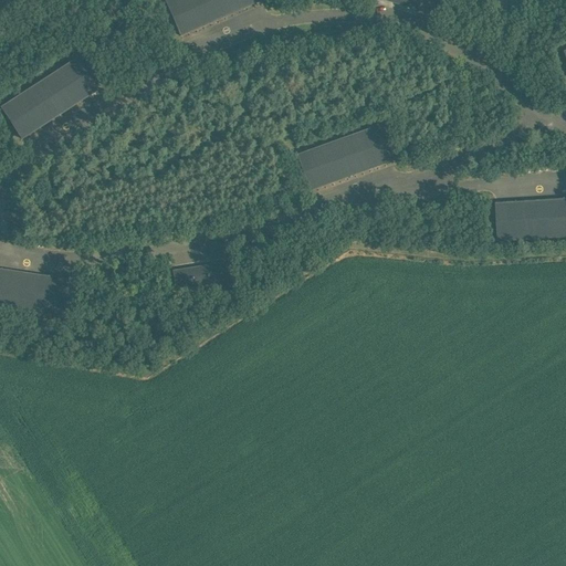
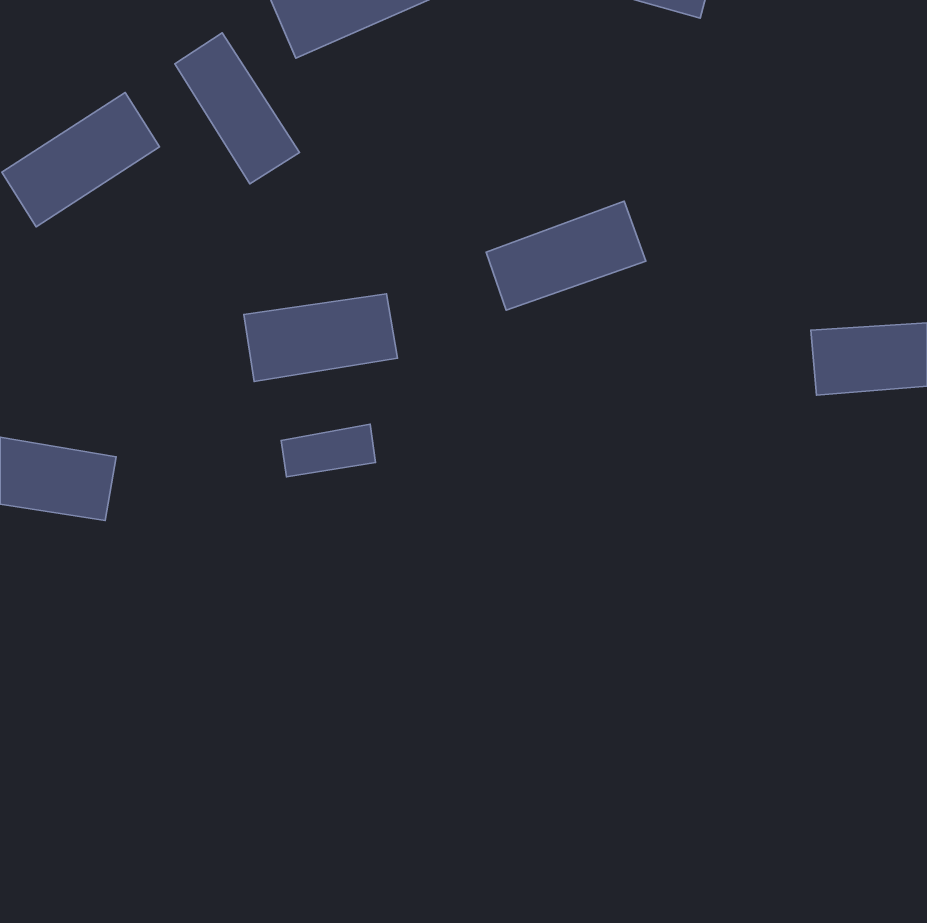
building: none -> [175,33,300,184]
building: none -> [244,294,397,382]

